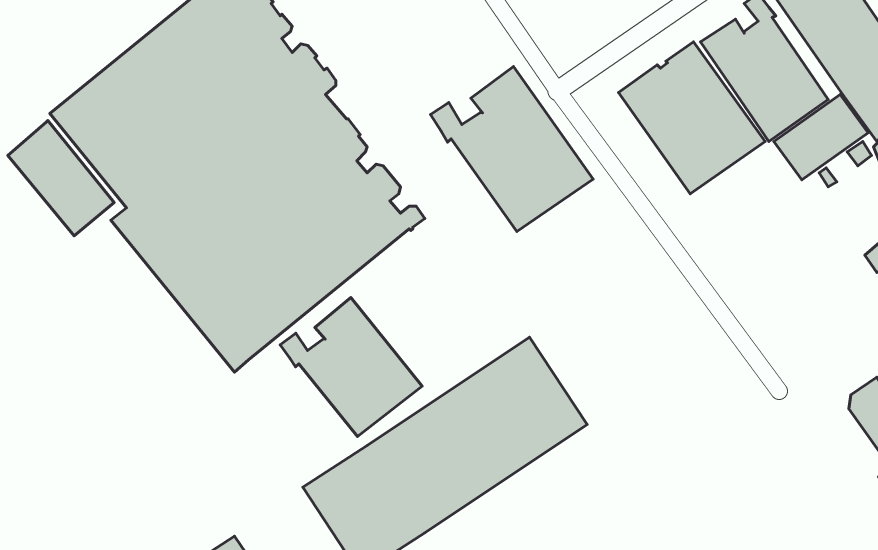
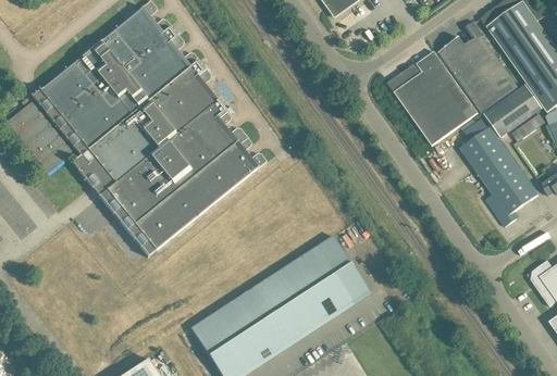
building: [430,67,593,232] -> none
building: none -> [460,126,539,226]
building: [280,297,422,437] -> none

